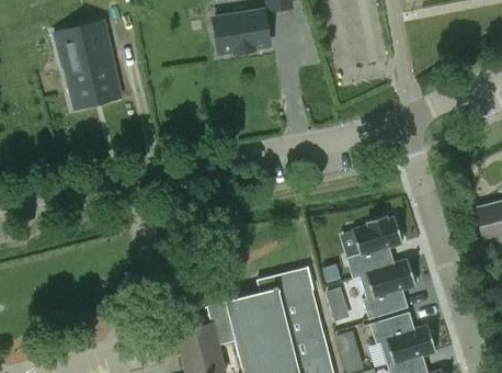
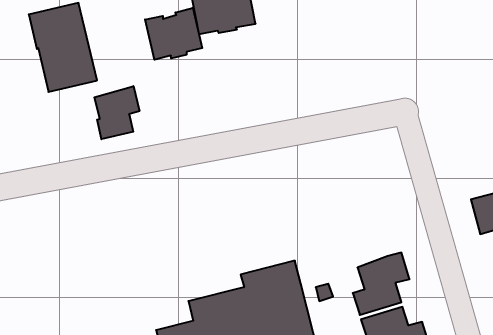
building: none -> [145,8,202,60]
building: none -> [94,86,139,139]
building: [346,214,402,278] -> none

